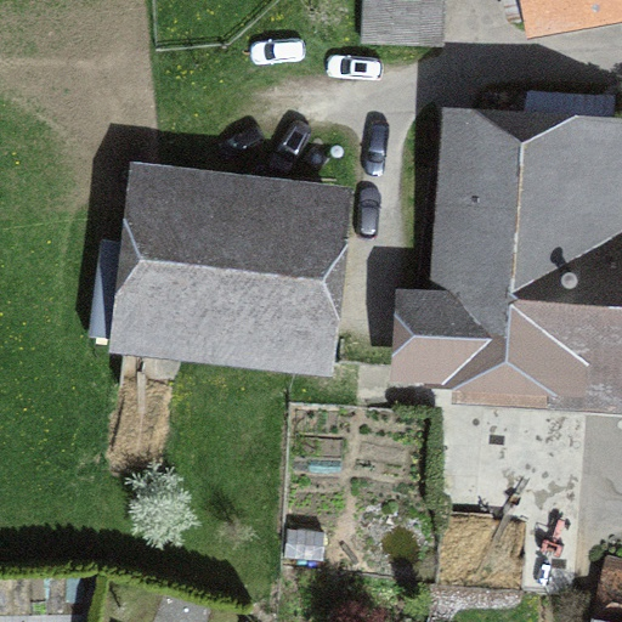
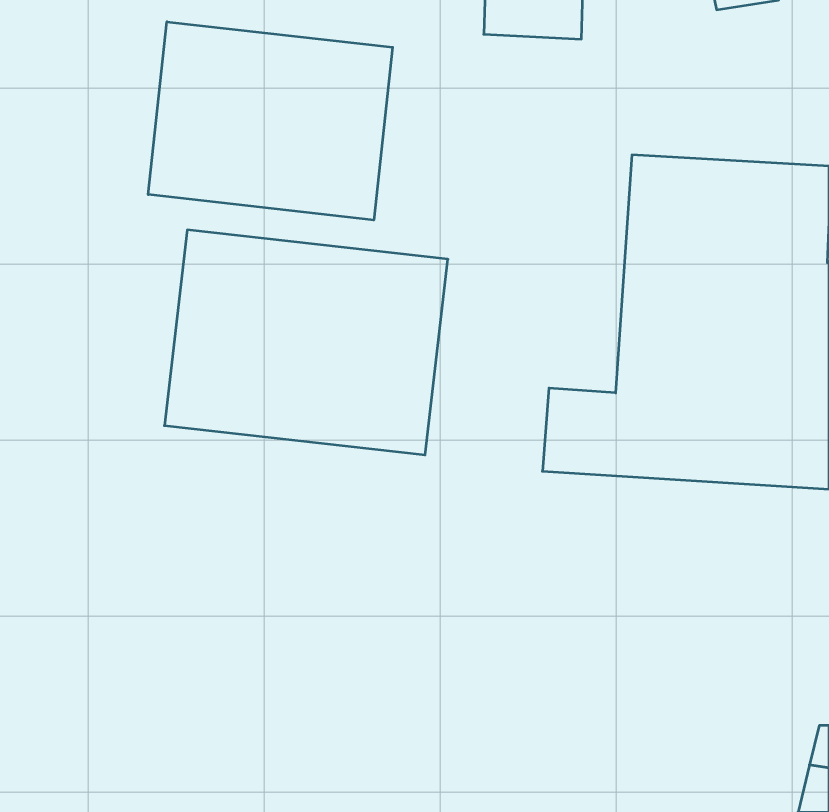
building: none -> [148,22,393,220]

